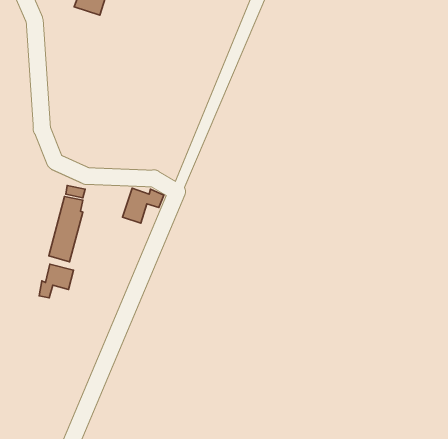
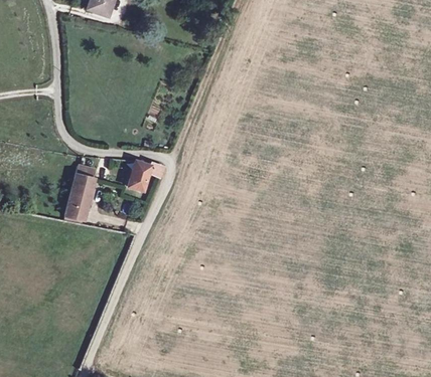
building: [39,264,74,298] -> none

